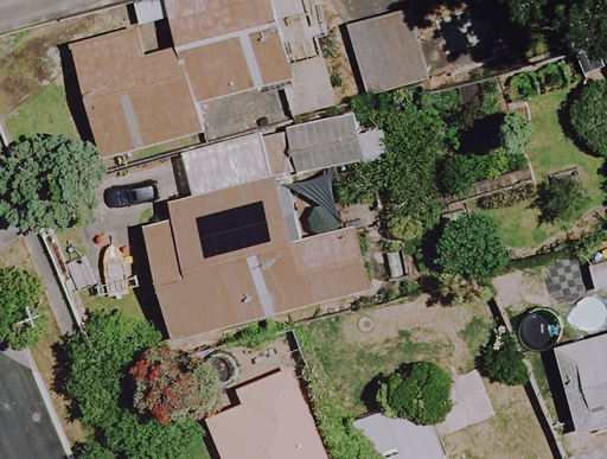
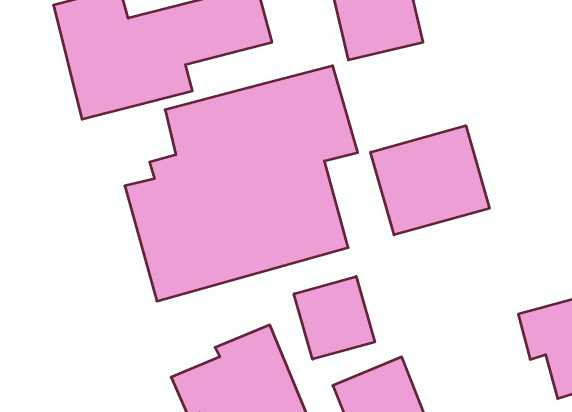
building: none -> [371,126,489,235]
building: none -> [294,276,375,359]

